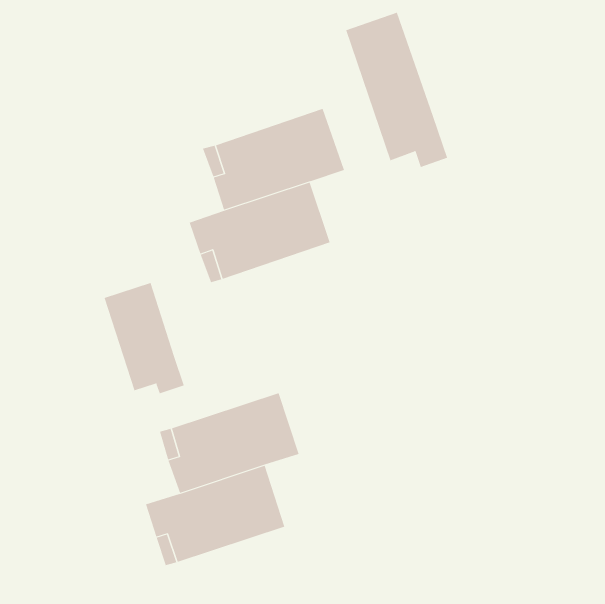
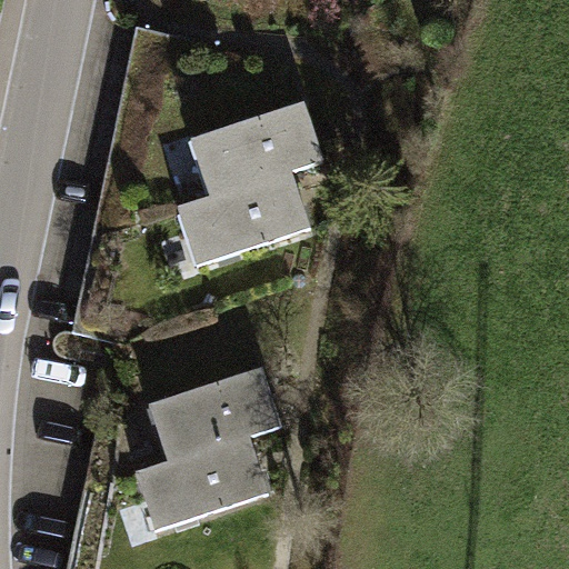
building: [345,12,448,168] -> none
building: [104,282,185,394] -> none

